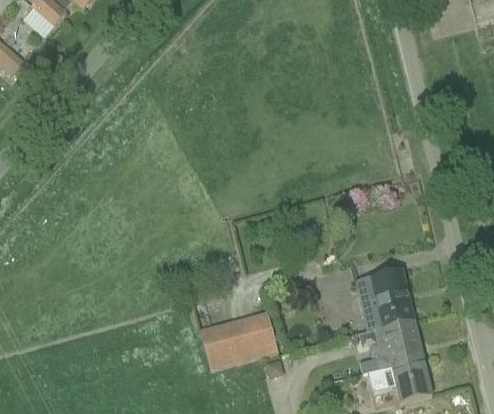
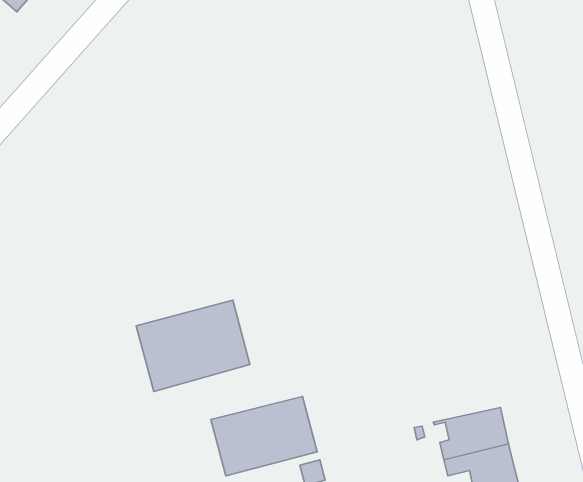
building: none -> [136,300,250,392]
building: [353,268,415,330] -> none

